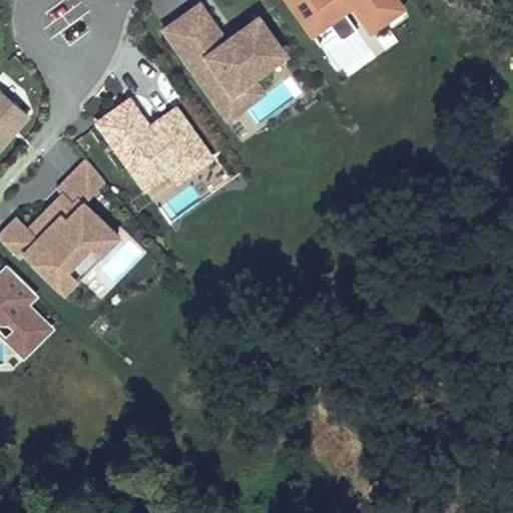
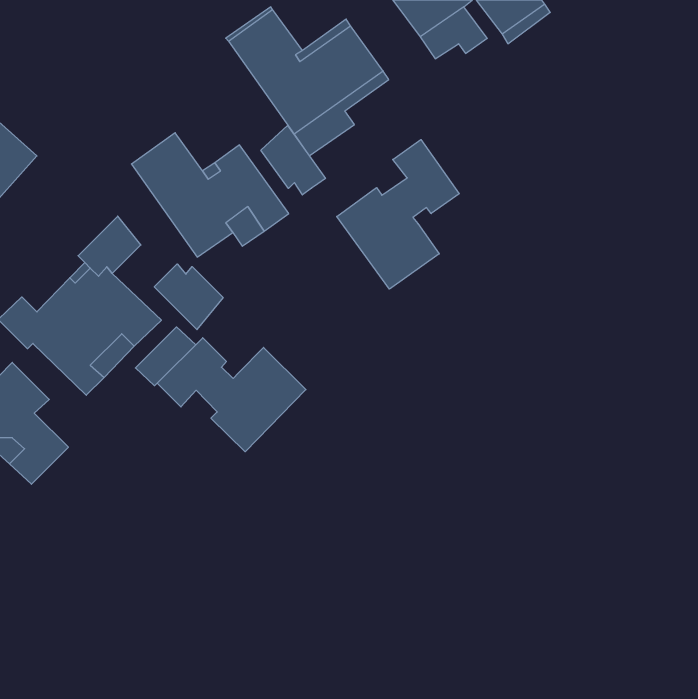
building: none -> [261,126,325,195]
building: none -> [337,140,459,289]
building: none -> [154,264,223,330]
building: none -> [157,338,306,452]

